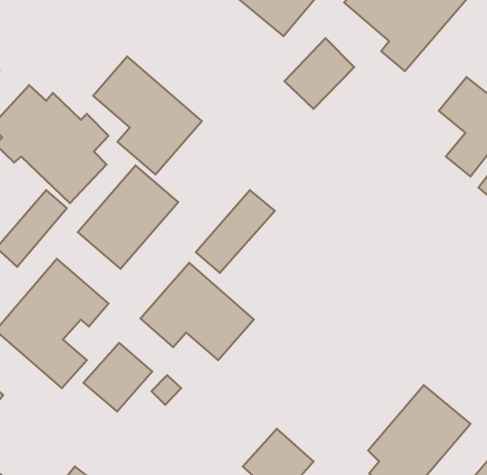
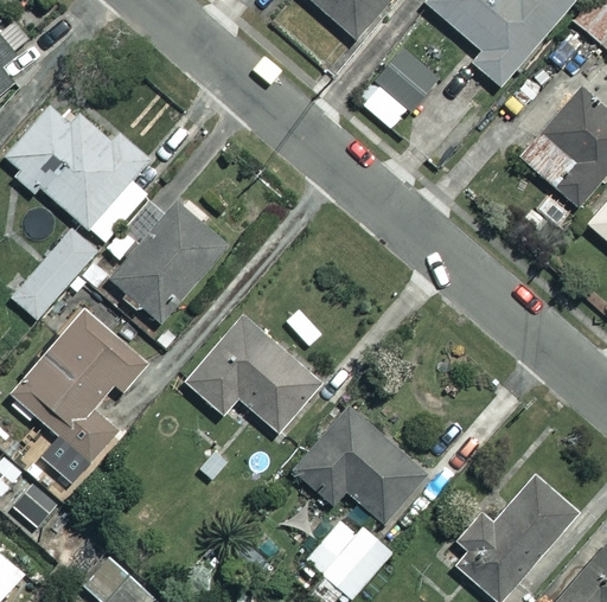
building: [93,56,202,175] -> none
building: [196,190,275,273] -> none
building: none -> [293,404,428,521]
building: [84,343,152,411] -> none

